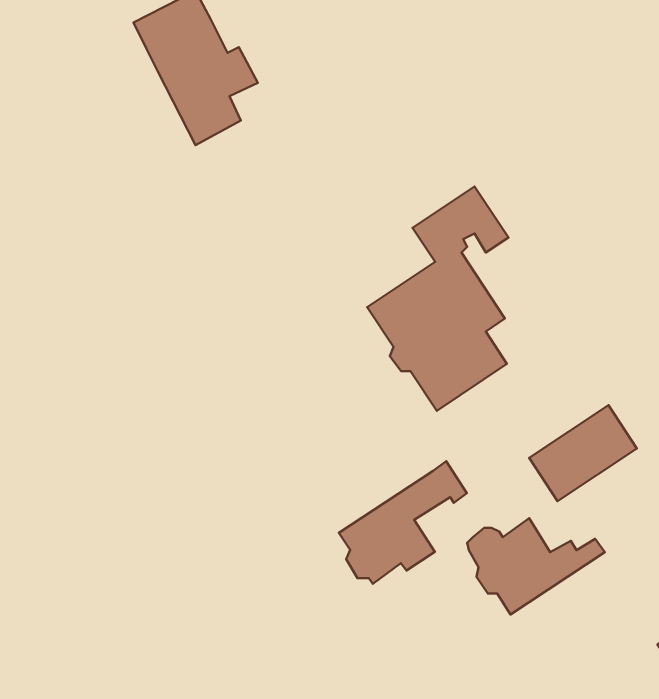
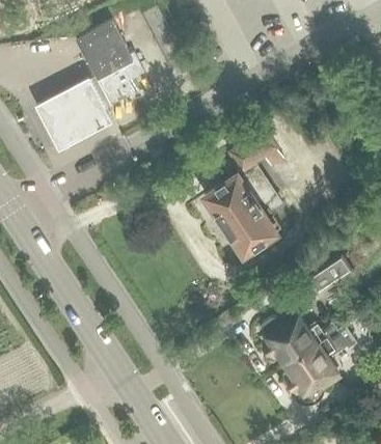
building: none -> [33,71,117,147]
building: [339,461,467,584] -> [288,330,358,397]

